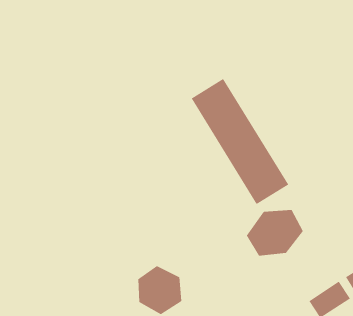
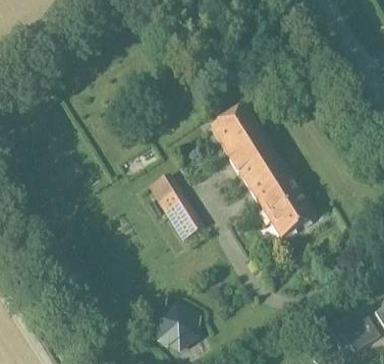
building: none -> [148,172,204,239]
building: [246,209,303,256] -> none

